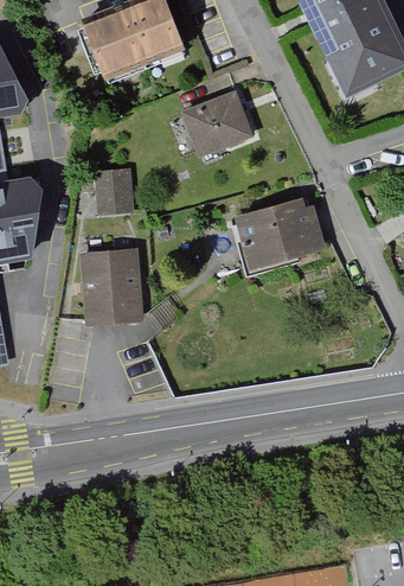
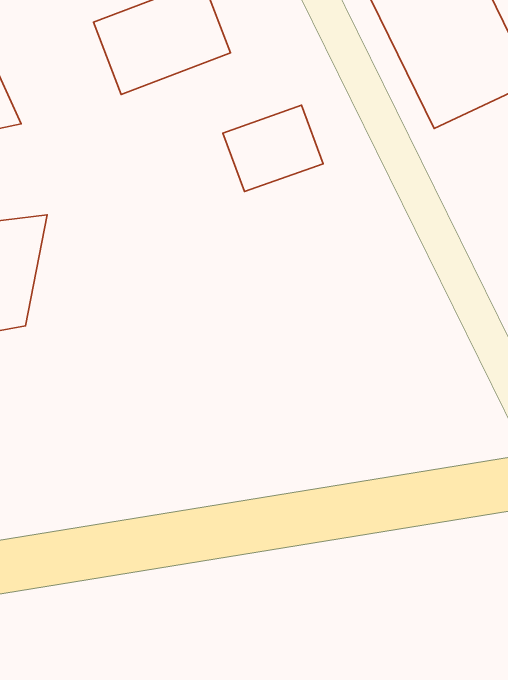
building: [97,167,137,211] -> none
building: [237,195,327,270] -> none
building: [79,250,140,321] -> none

